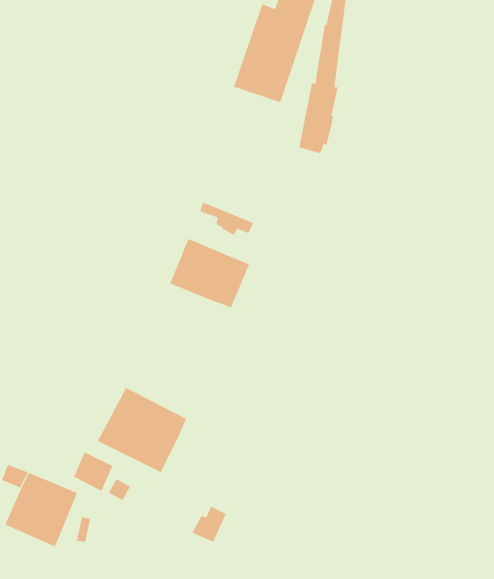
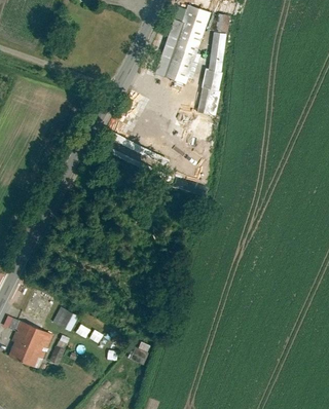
building: [170,238,250,308] -> none
building: [97,387,187,473] -> none

